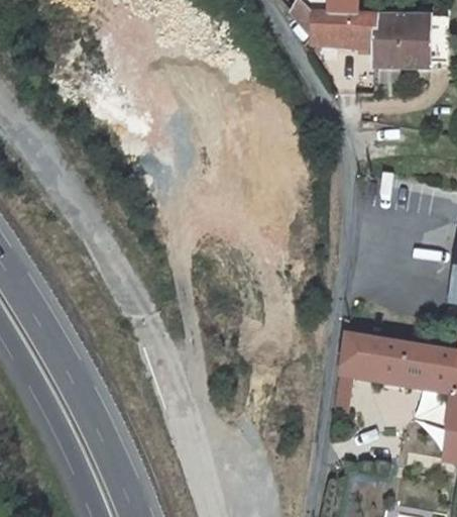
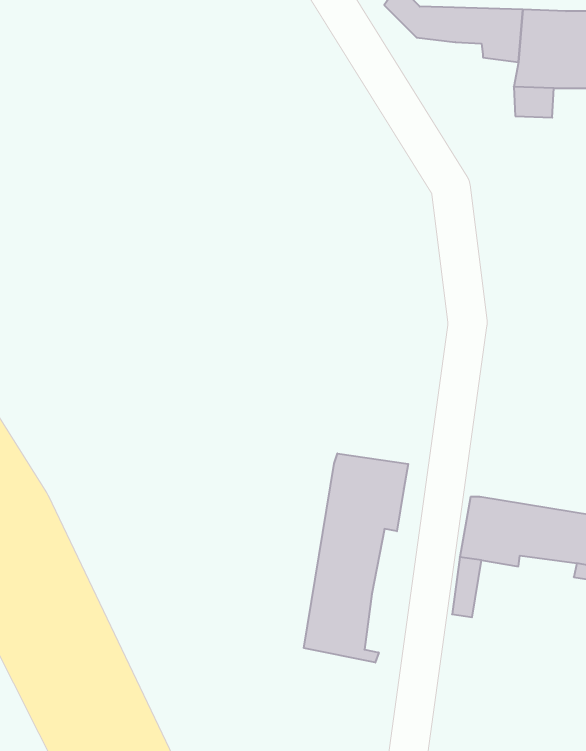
building: none -> [304,453,408,663]

